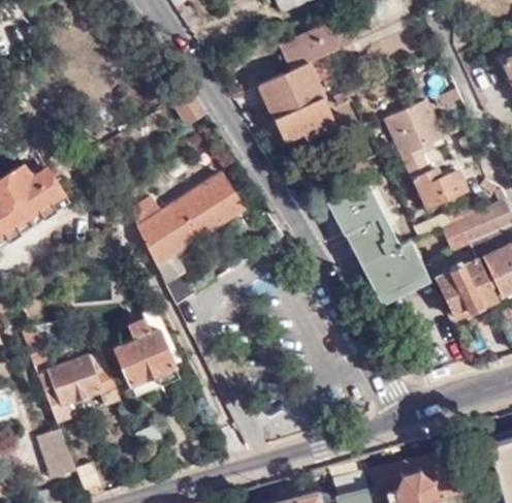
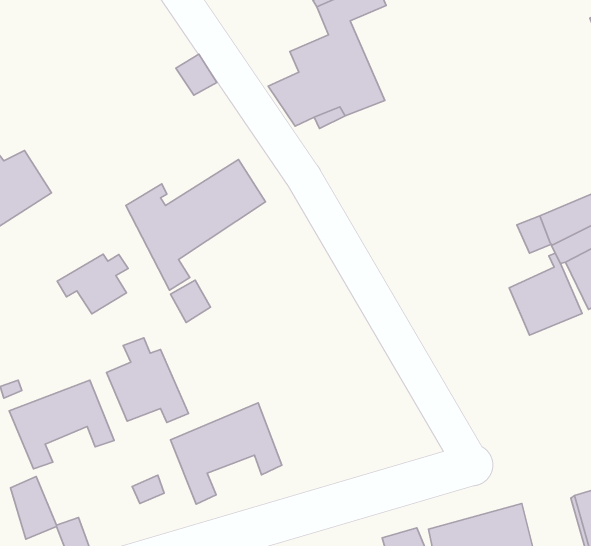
building: [387,99,470,205] -> none
building: [330,188,433,312] -> none
building: none -> [57,254,128,314]
building: none -> [170,403,282,504]

